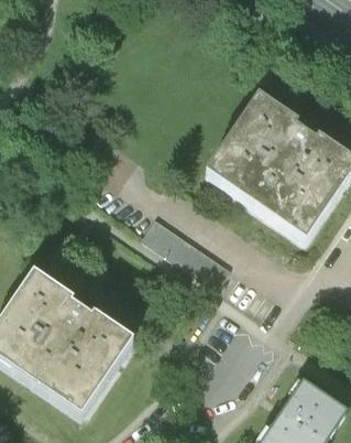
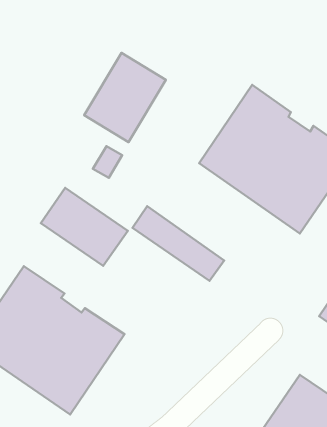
building: none -> [84,53,166,142]
building: none -> [41,188,128,266]

